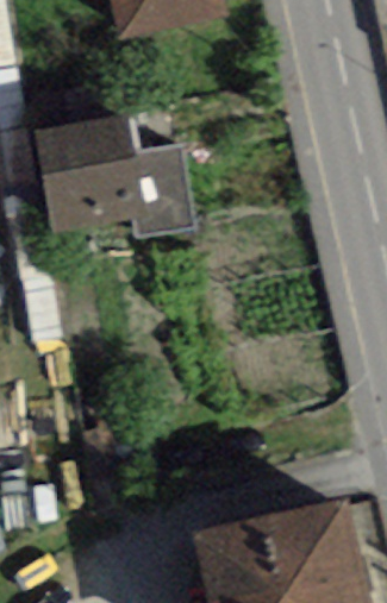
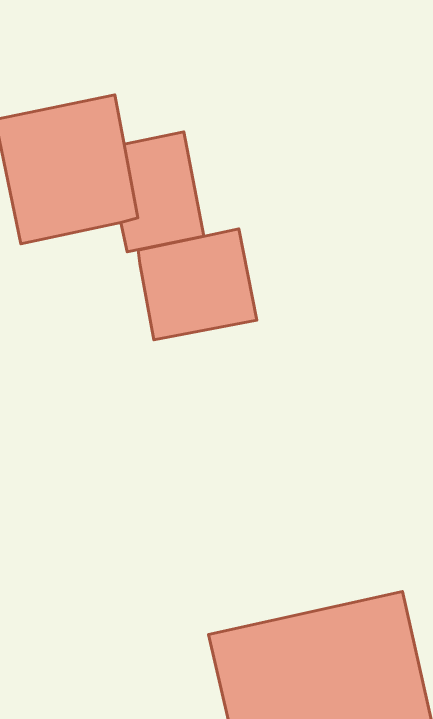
building: none -> [138,229,257,340]

